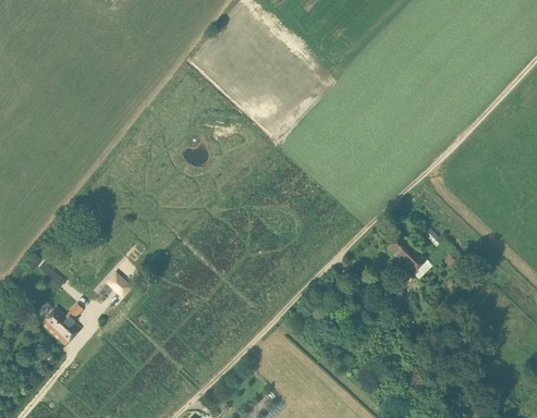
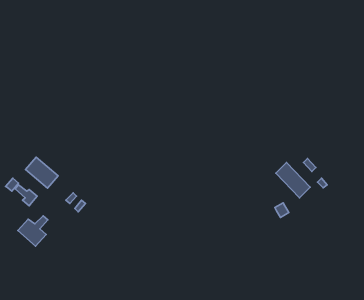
building: none -> [25,157,58,188]

